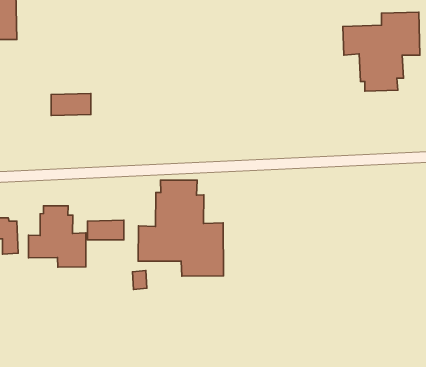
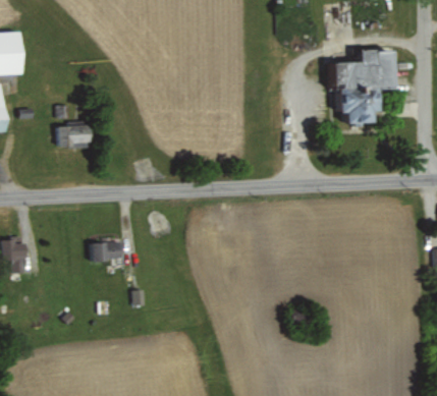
building: [138,180,224,276] -> none
building: [28,206,86,267] -> none

